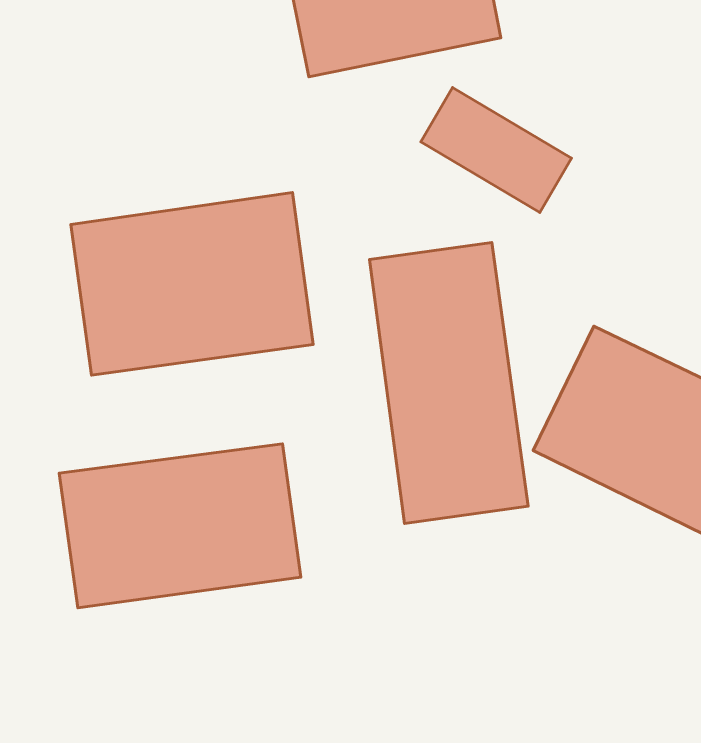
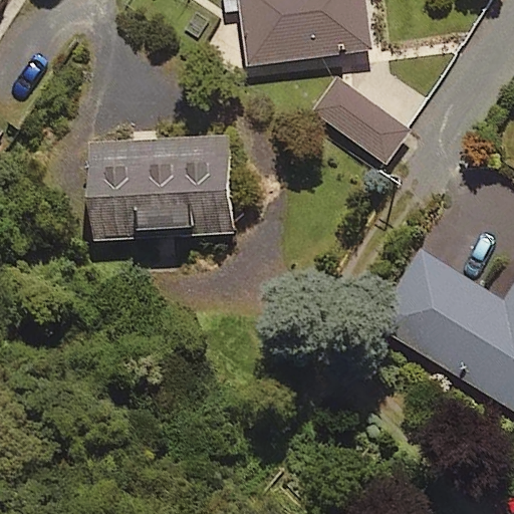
building: [370,243,528,523] -> none
building: [59,444,301,608] -> none

